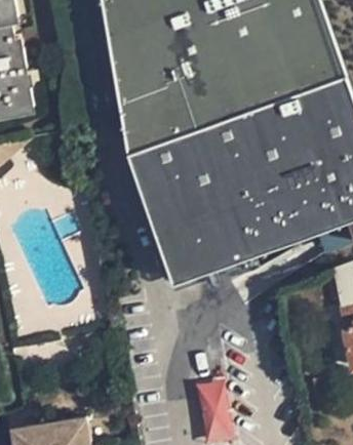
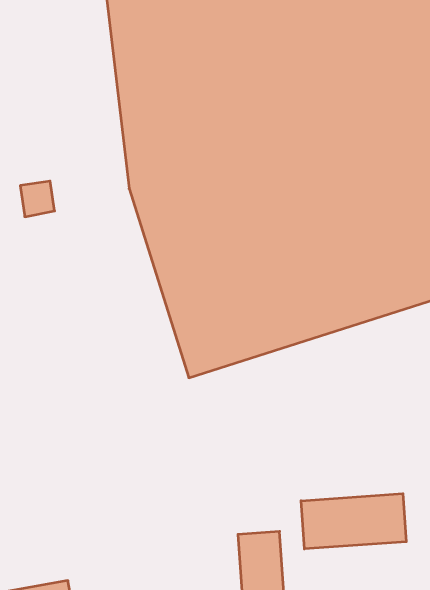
building: none -> [301,494,406,549]

